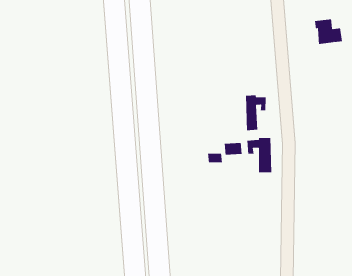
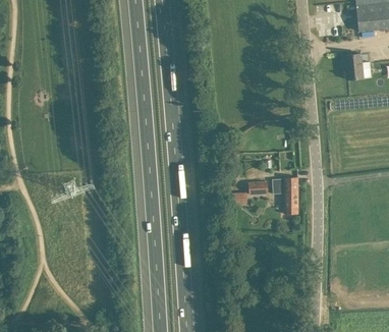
building: [246,94,266,131] -> none

